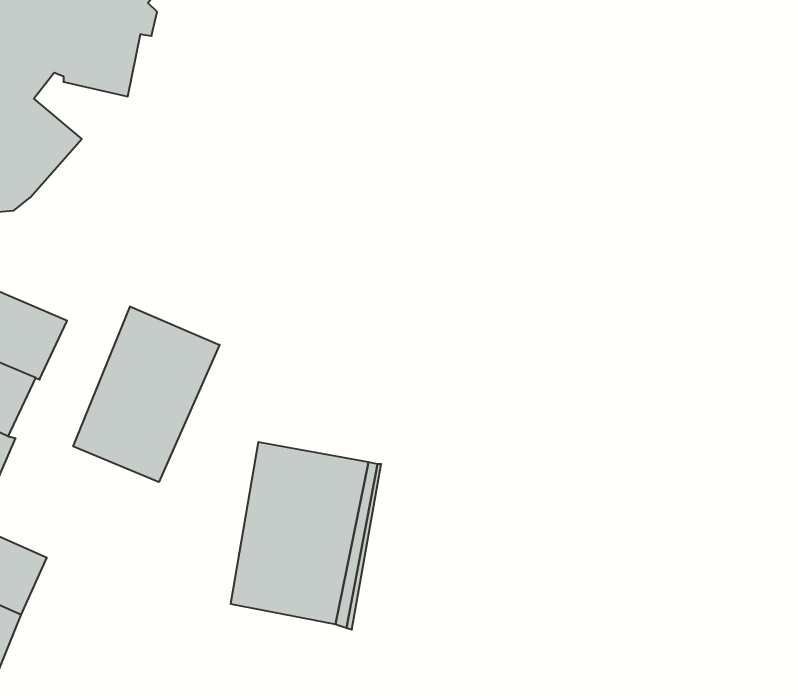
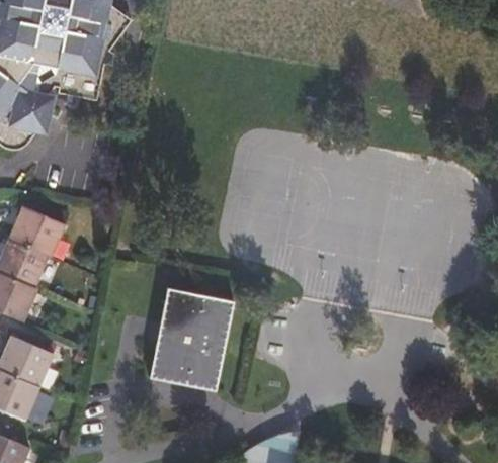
building: [73,306,220,482] -> none

